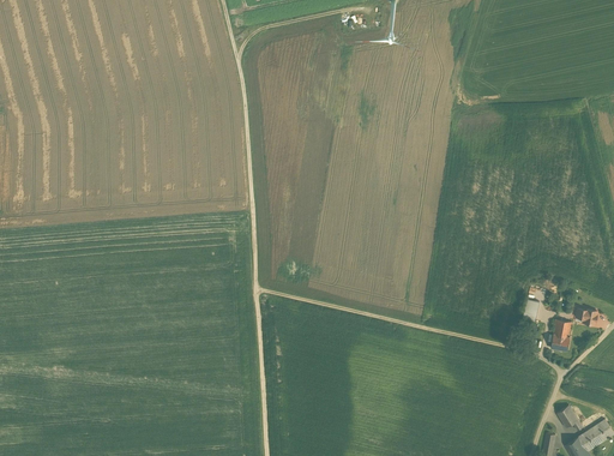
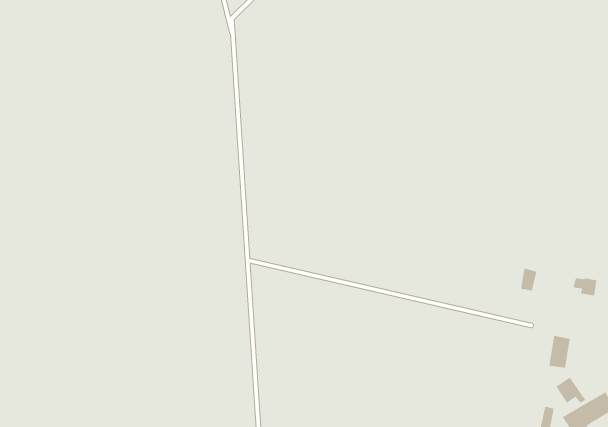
building: [549,318,571,350] -> [549,335,571,368]

